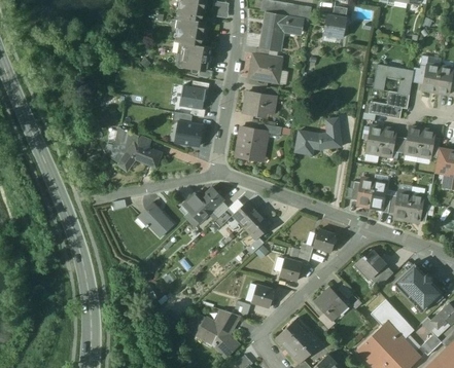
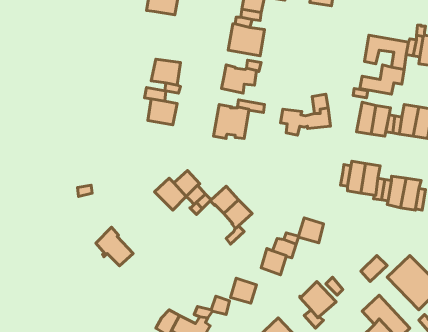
building: [175,43,211,71] -> none
building: [110,128,162,172] -> none
building: [139,201,173,236] -> [96,227,133,266]
building: [355,252,384,279] -> none

